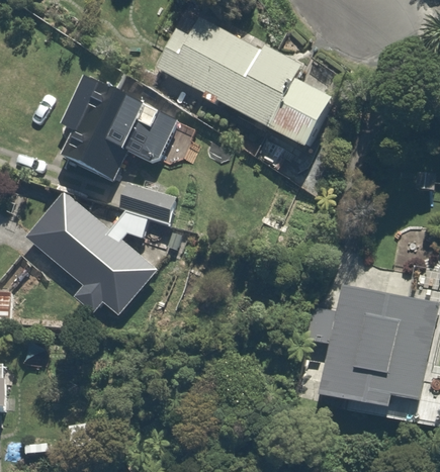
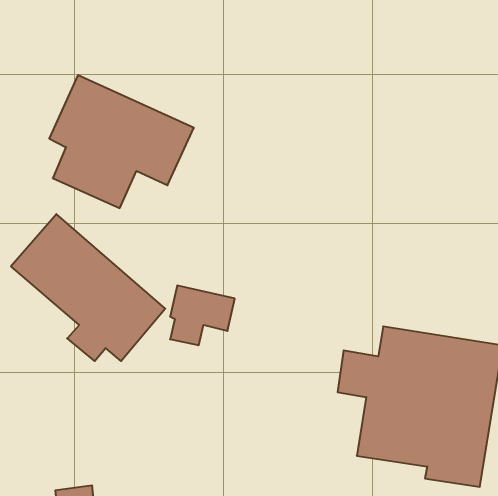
building: [150,15,334,149] -> none
building: [119,185,174,235] -> [170,285,235,345]

